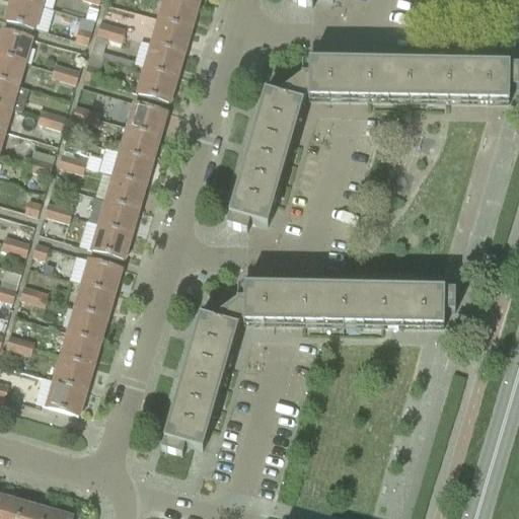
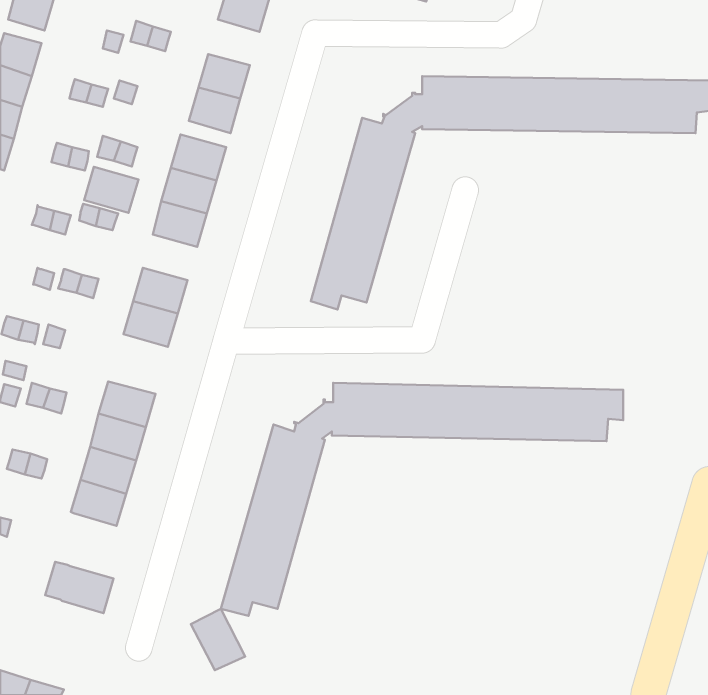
building: [153,14,191,48] -> none
building: [105,171,145,205] -> [84,167,138,213]
building: [80,253,122,288] -> none
building: [36,372,86,410] -> [45,562,113,613]
building: none -> [191,609,245,670]

